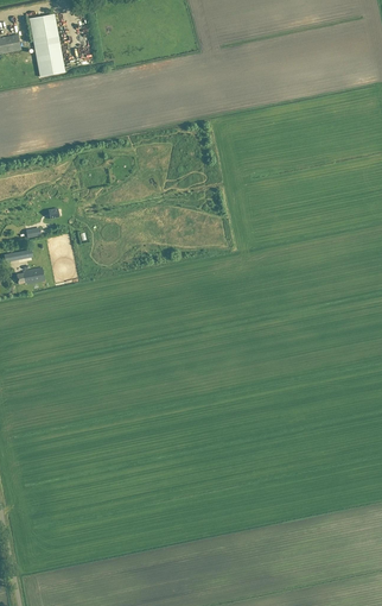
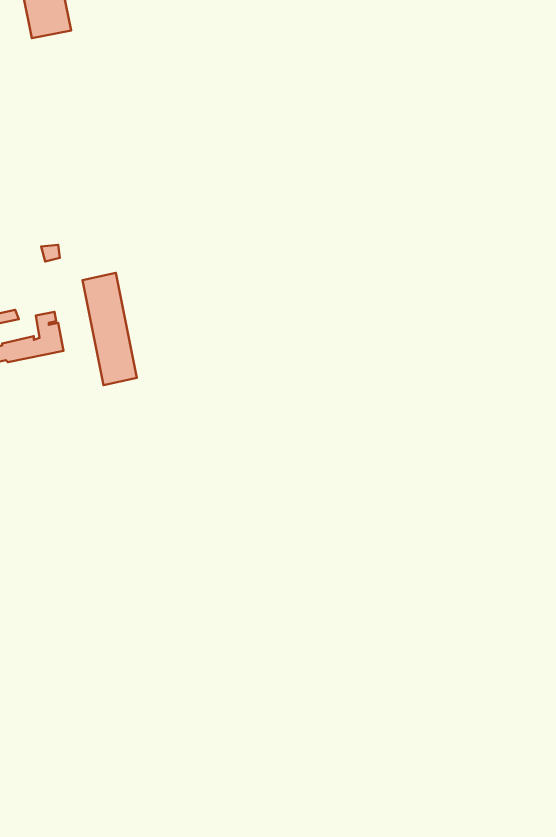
building: none -> [82,273,137,385]

